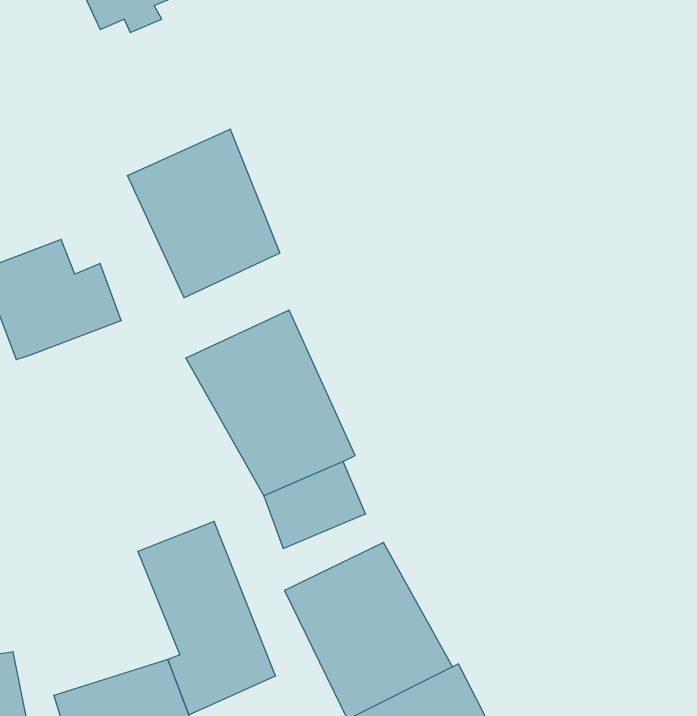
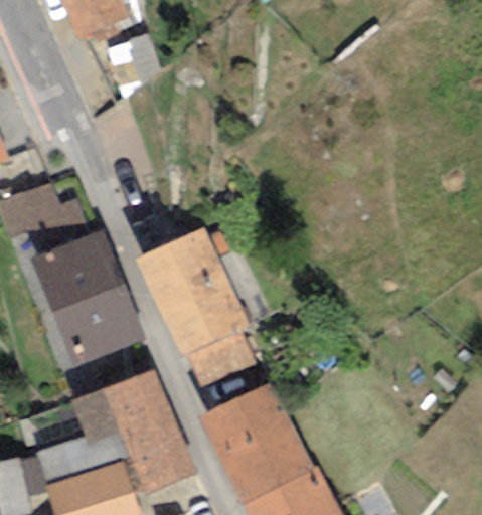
building: [127,129,280,298] -> none
building: none -> [29,231,149,365]
building: none -> [34,390,130,487]

